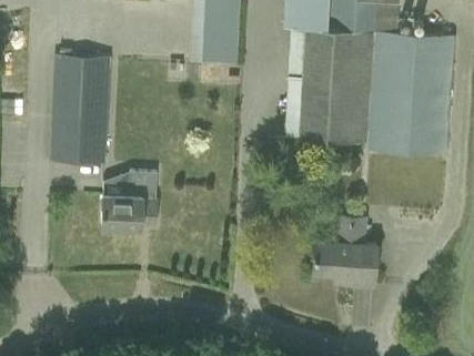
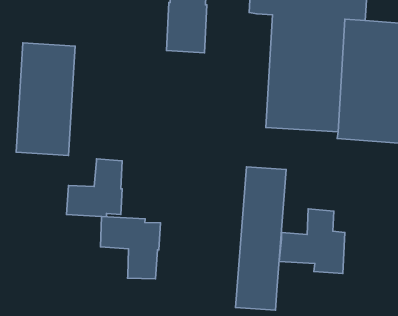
building: none -> [236,167,286,310]
building: none -> [101,216,161,279]

